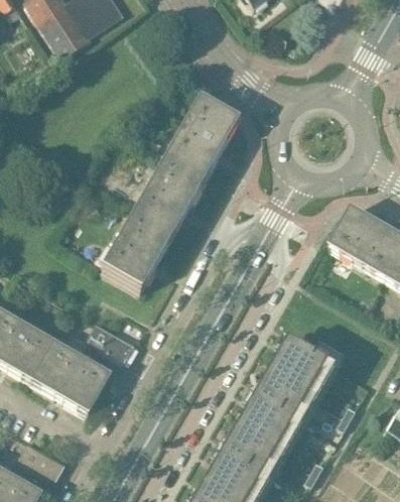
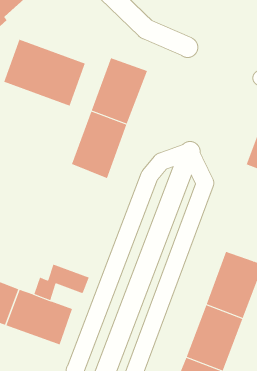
building: none -> [4,39,86,106]
building: [100,211,171,290] -> none

